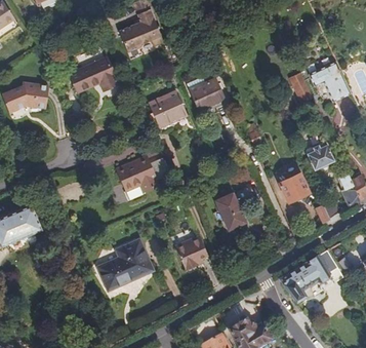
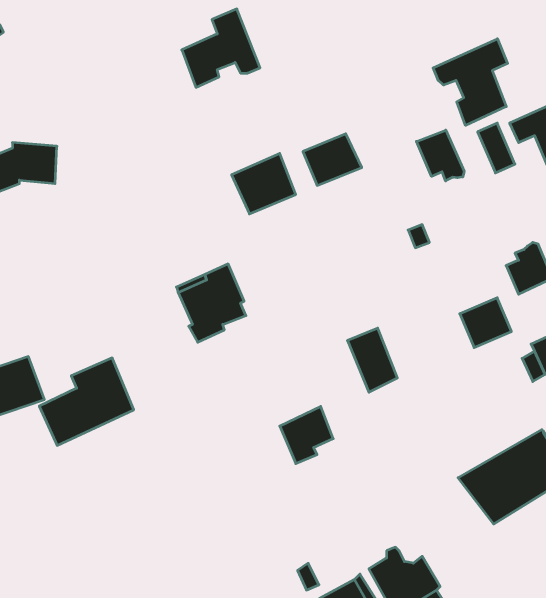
building: none -> [433,39,508,125]
building: [70,56,119,91] -> none
building: none -> [416,130,464,181]
building: [97,238,152,288] -> [39,358,134,445]

